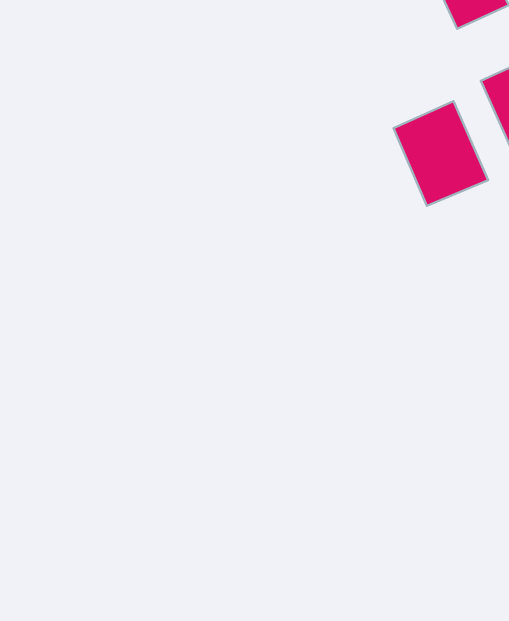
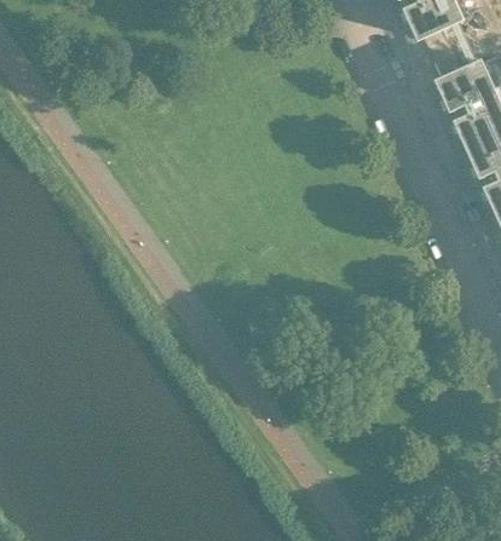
building: [394,101,488,206] -> none

